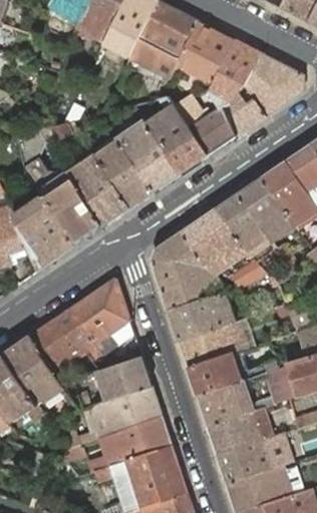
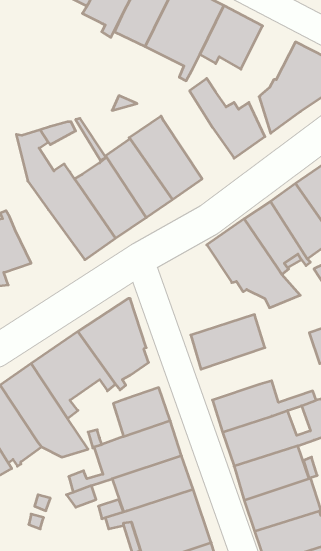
building: [207,39,261,100] -> none
building: [144,96,207,173] -> none
building: [14,200,75,270] -> none
building: [151,231,225,311] -> none
building: [178,321,247,368] -> none

